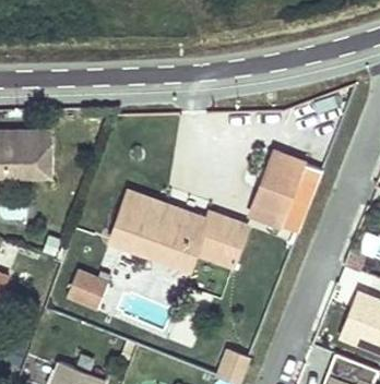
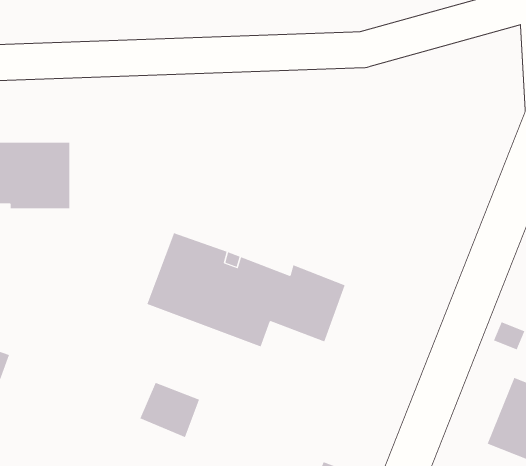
building: [246,152,317,232] -> none
building: [66,269,107,308] -> [139,382,200,438]

